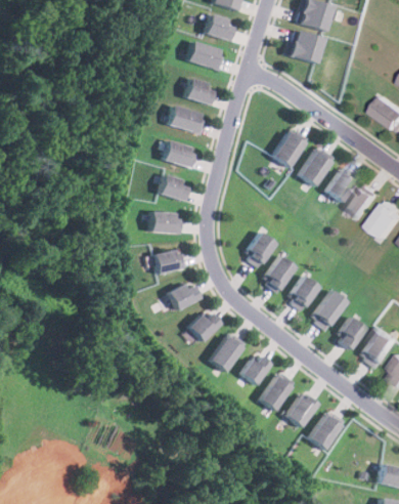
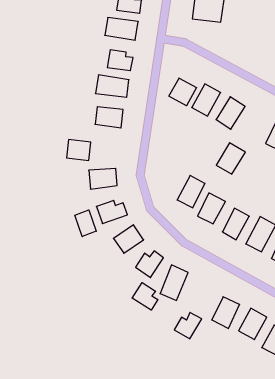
building: none -> [169,78,197,106]
building: [323,166,358,202] -> [216,143,245,174]
building: [153,174,183,201] -> [67,140,91,160]
building: none -> [75,210,96,237]
building: none -> [132,283,158,310]
building: [238,355,271,385] -> [174,312,202,339]

